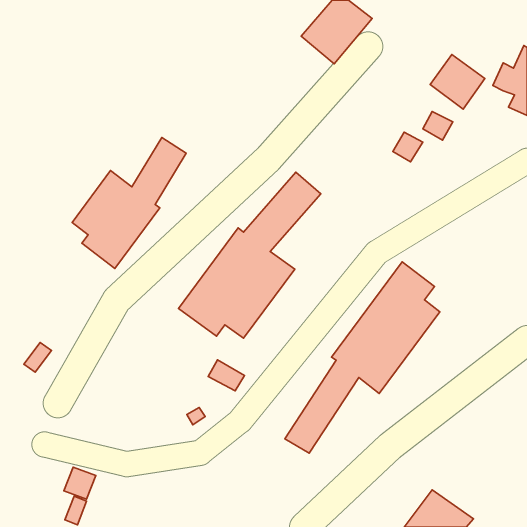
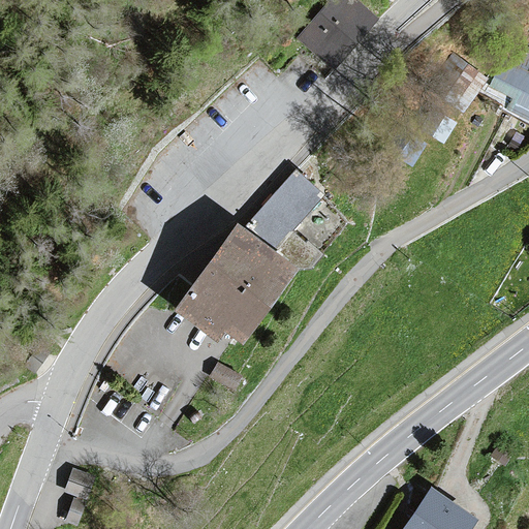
building: [72,137,186,268] -> none
building: [285,262,440,453] -> none

